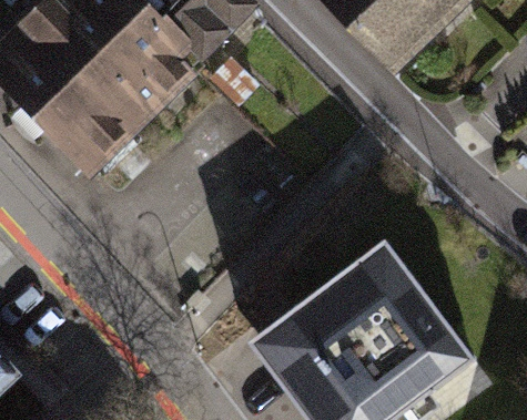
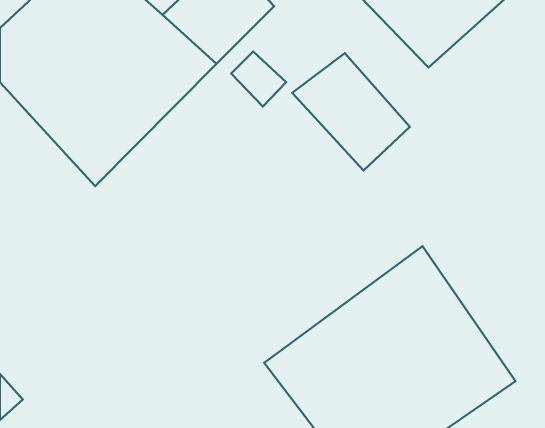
building: none -> [292,53,410,170]

